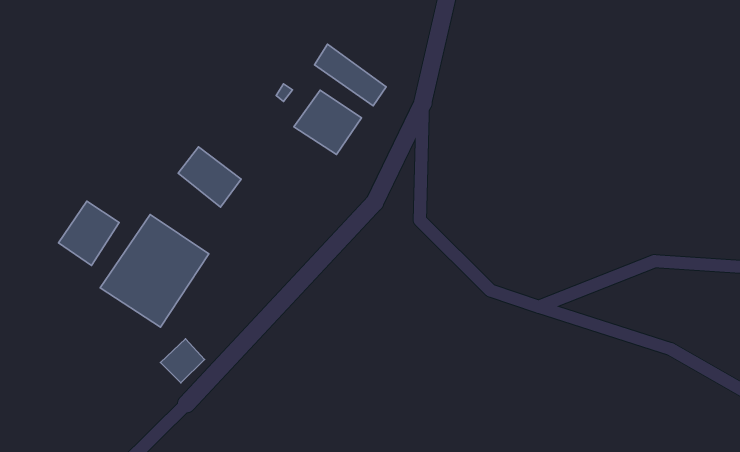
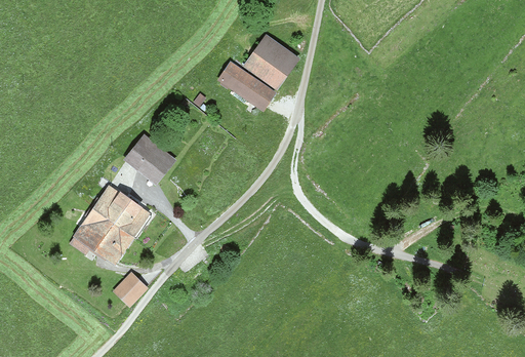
building: [294,90,361,155] -> [246,39,293,84]
building: [59,201,119,266] -> none

